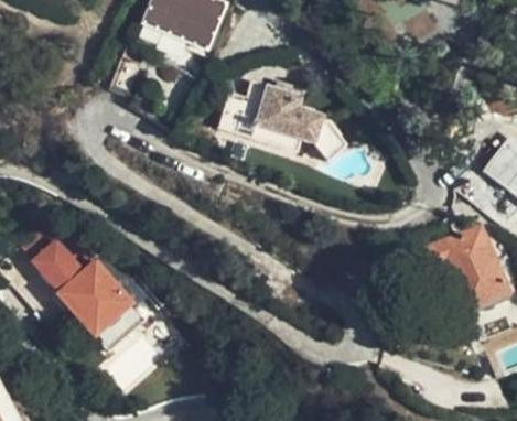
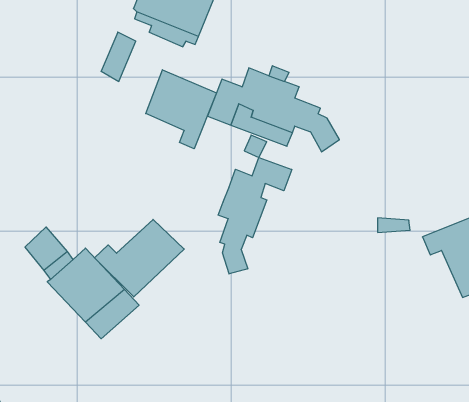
building: none -> [146,70,217,149]
building: none -> [218,157,292,274]
building: none -> [95,219,184,297]

